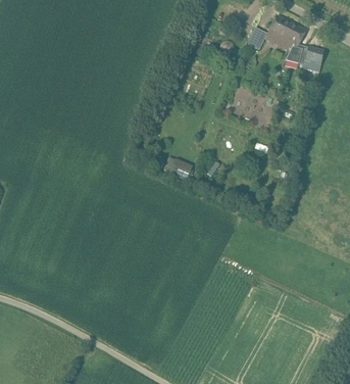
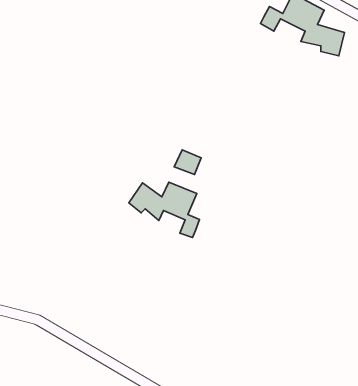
building: none -> [129,182,200,237]

